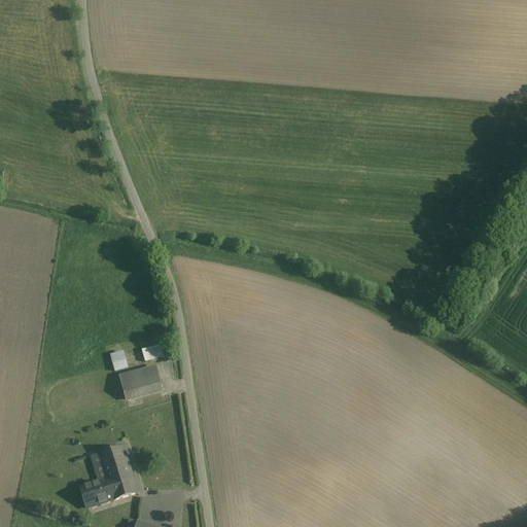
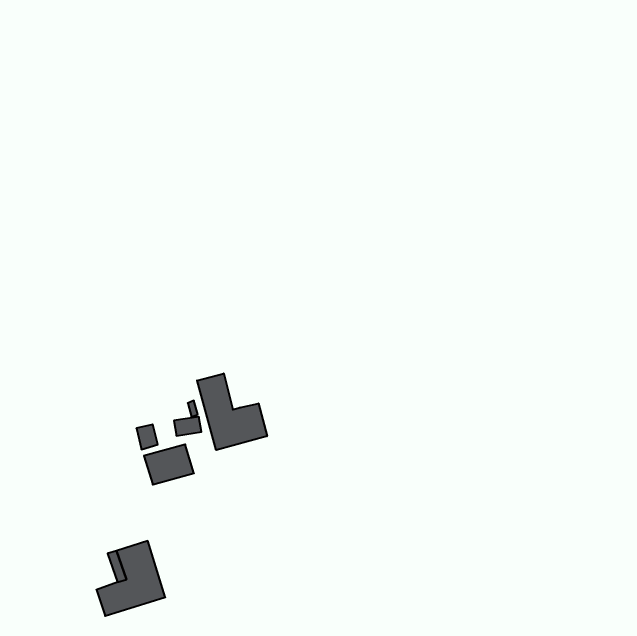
building: none -> [197,373,267,450]

